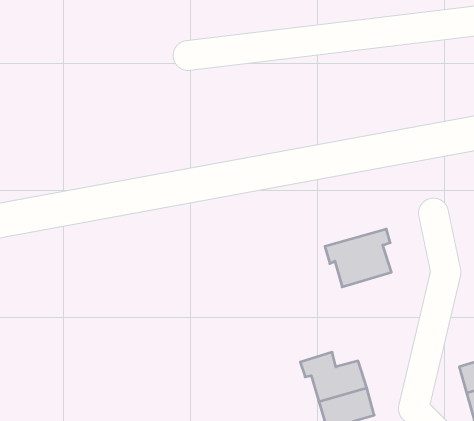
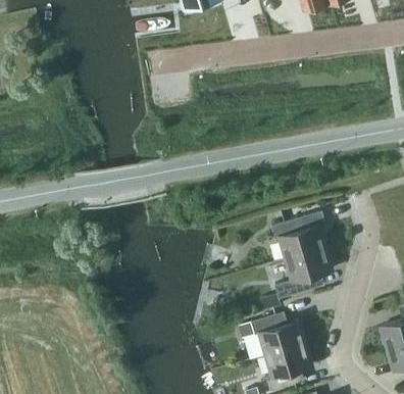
building: none -> [275,248,332,299]

